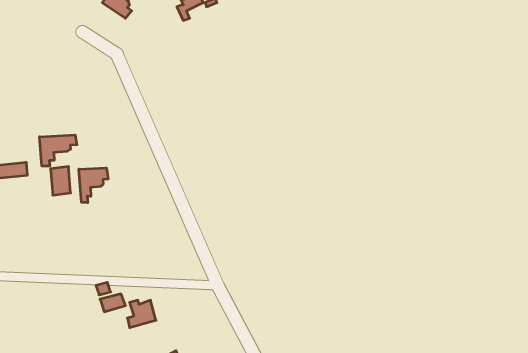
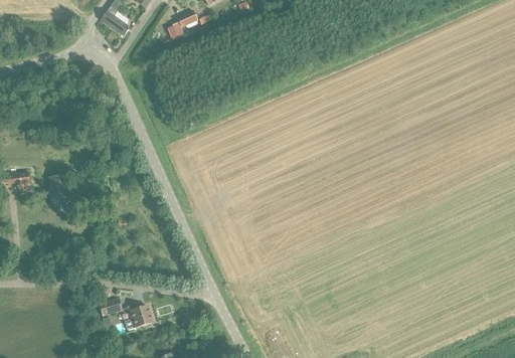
building: [40,135,77,166] -> none
building: [79,168,108,203] -> none

